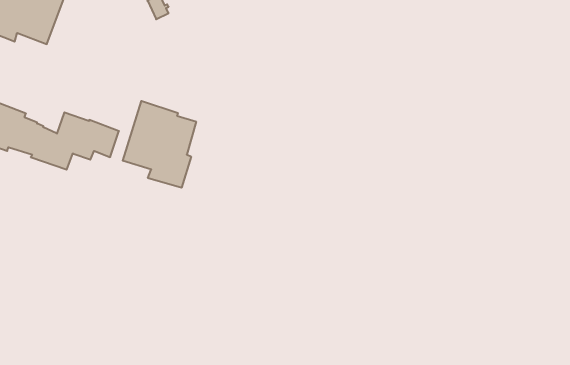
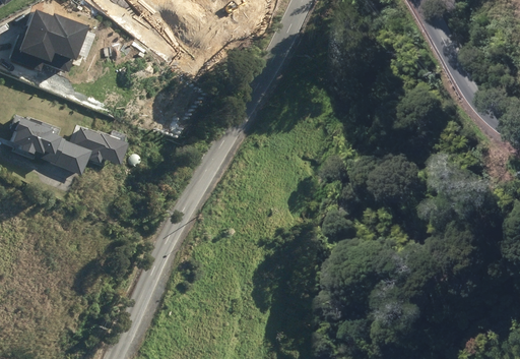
building: [123,101,196,188] -> none

